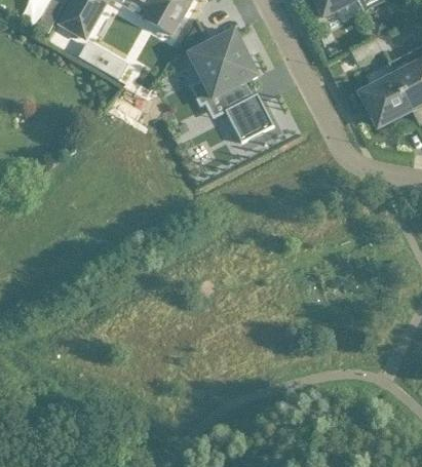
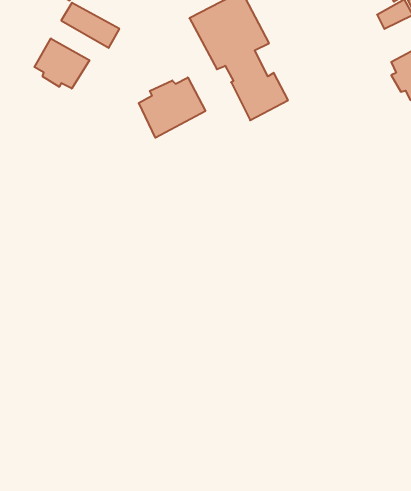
building: none -> [34,38,89,89]
building: none -> [139,77,205,138]

